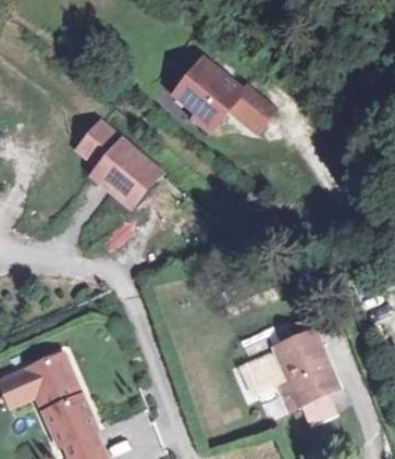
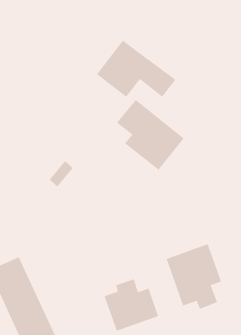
building: [74,120,166,216] -> [116,99,184,171]
building: none -> [104,279,159,332]

